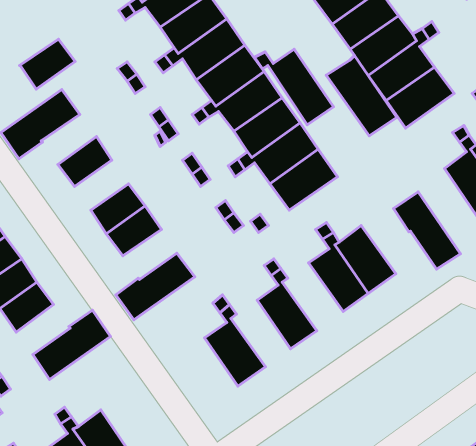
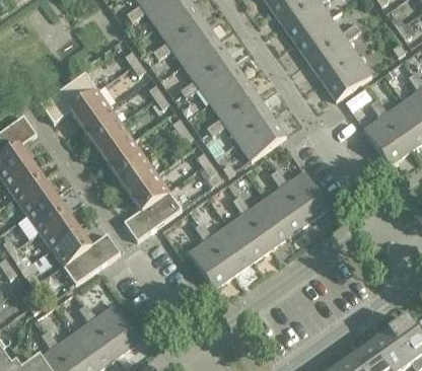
building: [20,39,75,89] -> [69,90,110,127]
building: [255,49,334,125] -> none
building: [326,56,397,136] -> none
building: none -> [93,124,133,160]
building: [394,192,461,269] -> none
building: none -> [129,174,168,211]
building: none -> [245,199,290,248]
building: none -> [208,226,252,275]
building: none -> [51,229,90,266]

